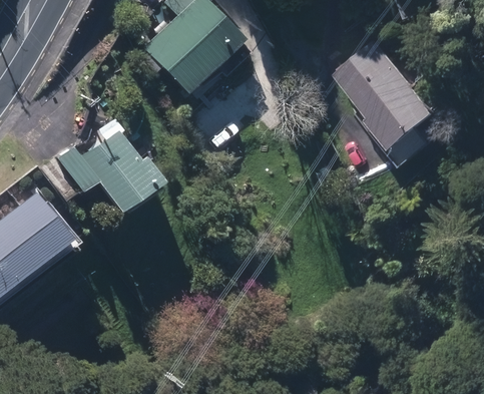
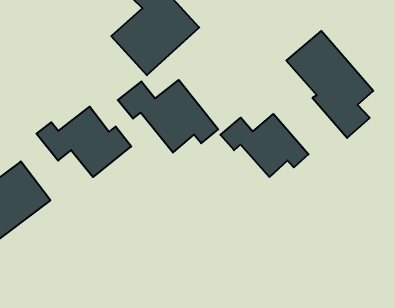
building: none -> [118,80,218,153]
building: none -> [220,114,309,177]

